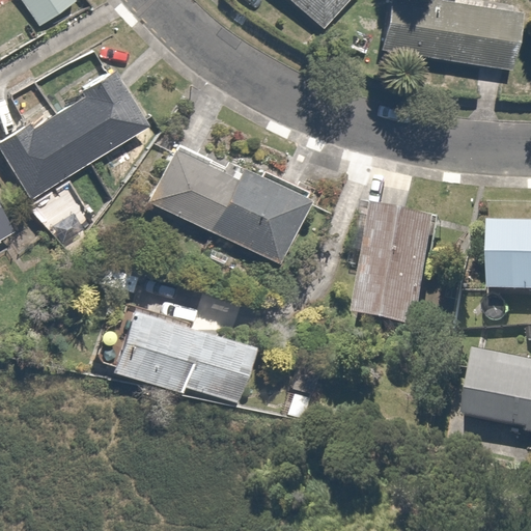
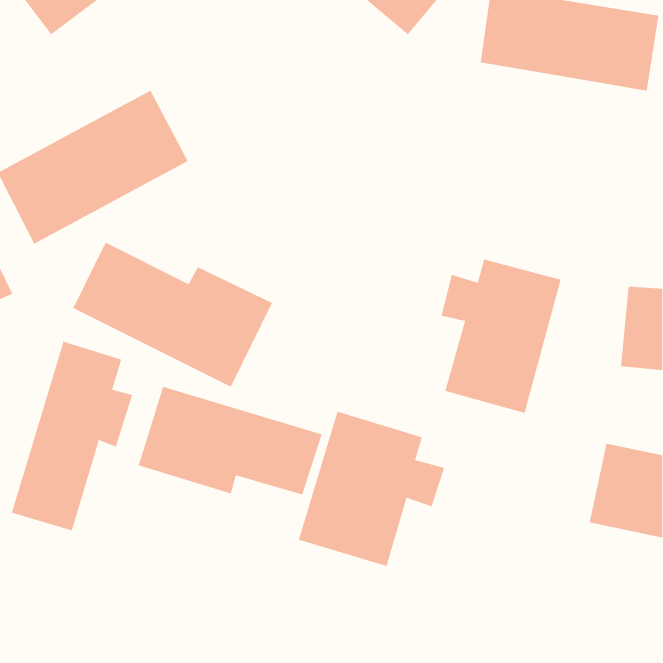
building: [149,146,309,262] -> [73,242,273,387]
building: none -> [11,341,133,531]
building: none -> [298,411,445,567]

